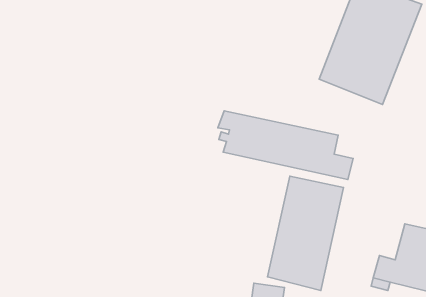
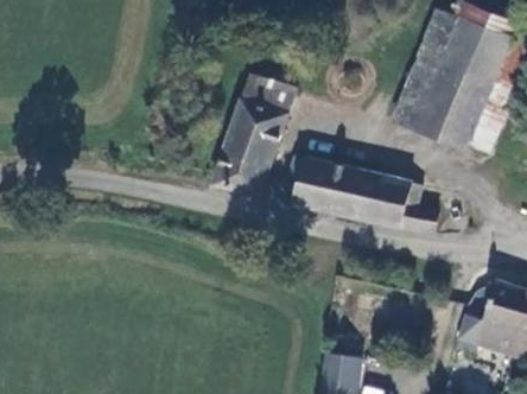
building: none -> [210,72,293,192]
building: [268,176,343,290] -> none

